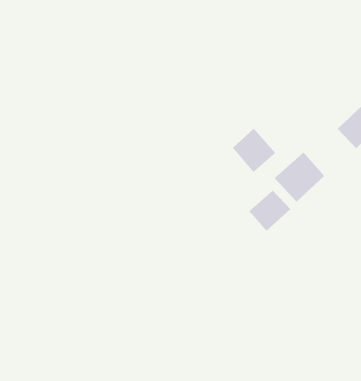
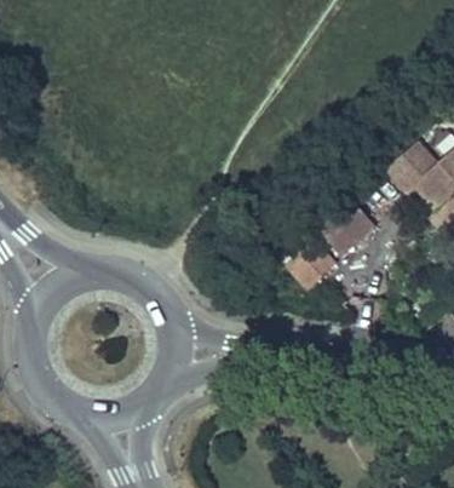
building: [232,128,276,173] -> none

